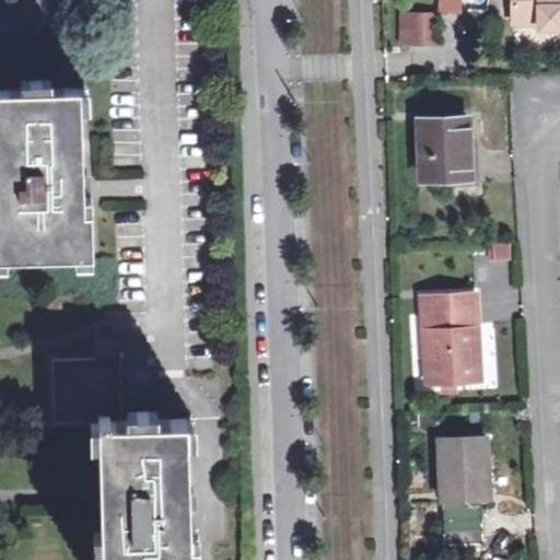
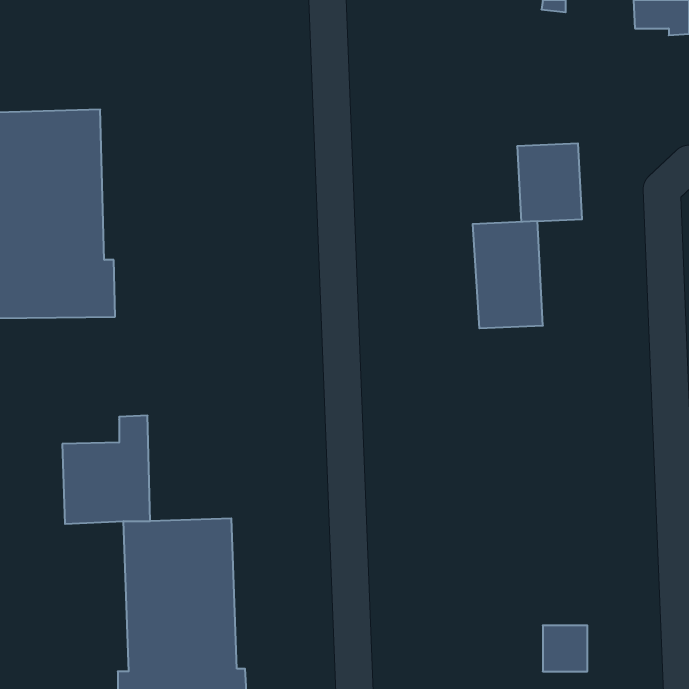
building: [395,14,429,47] -> none
building: [421,296,478,383] -> [473,221,543,328]
building: [440,440,488,502] -> none

